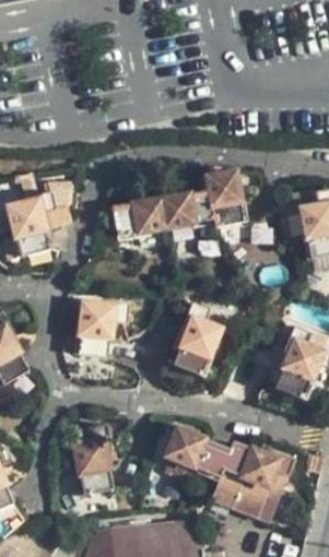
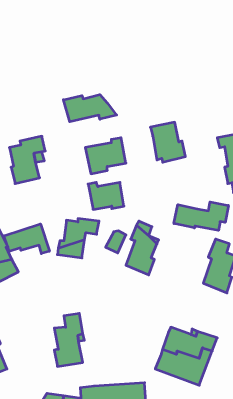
building: none -> [63,95,117,122]
building: [165,190,213,226] -> [88,182,124,209]
building: none -> [174,202,228,230]
building: none -> [4,224,49,254]
building: [169,430,228,483] -> none

